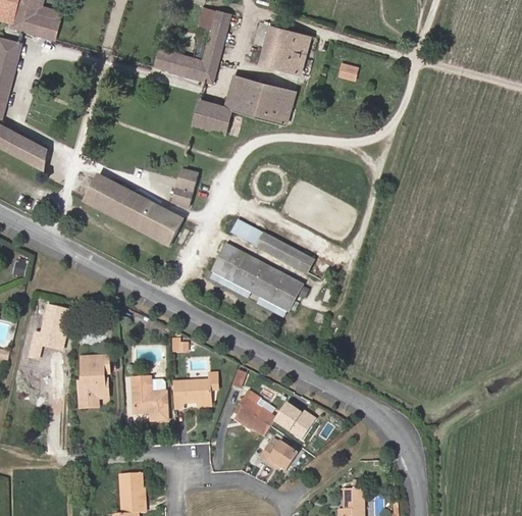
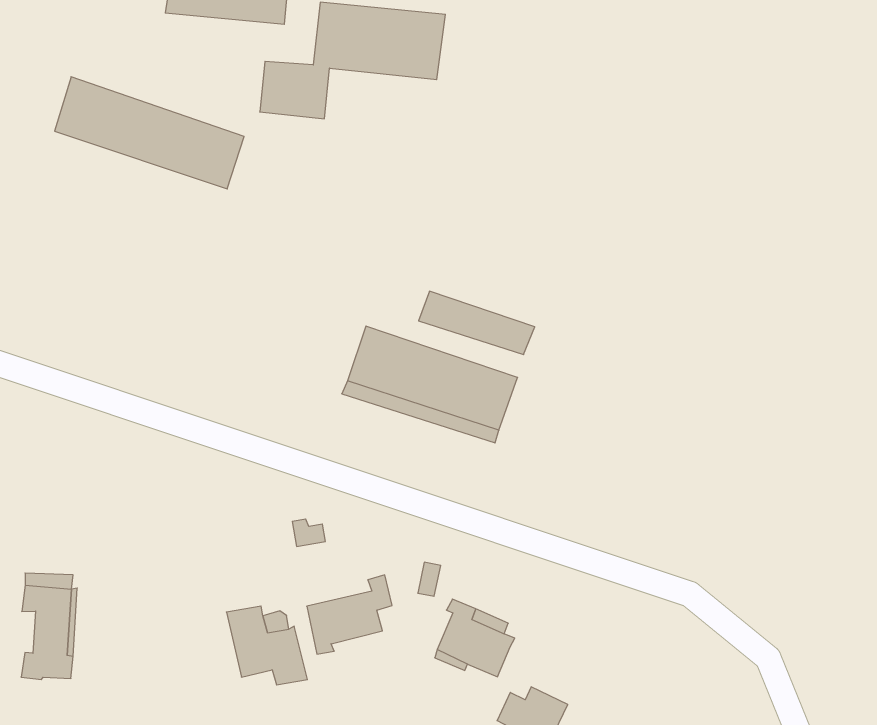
building: [172,168,198,206] -> none
building: [86,174,182,246] -> [55,77,244,189]
building: [230,218,263,246] -> none
building: [80,359,106,406] -> none
building: [273,403,314,440] -> none

